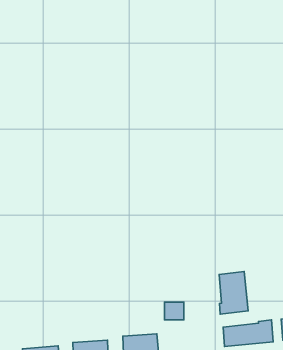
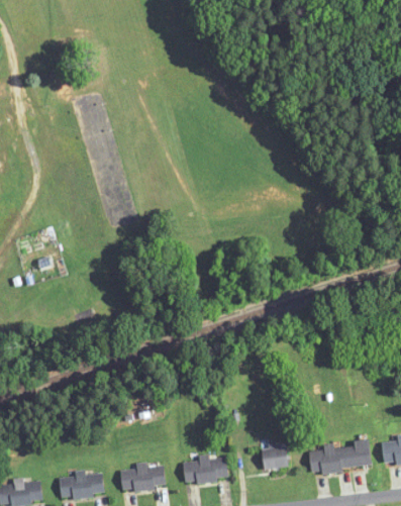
building: [219,272,248,314] -> none
building: [165,302,184,320] -> [263,446,287,469]

